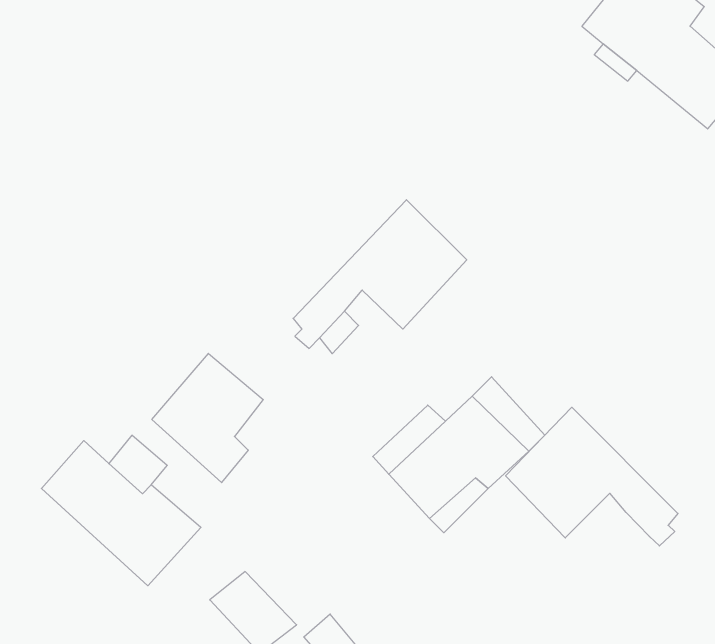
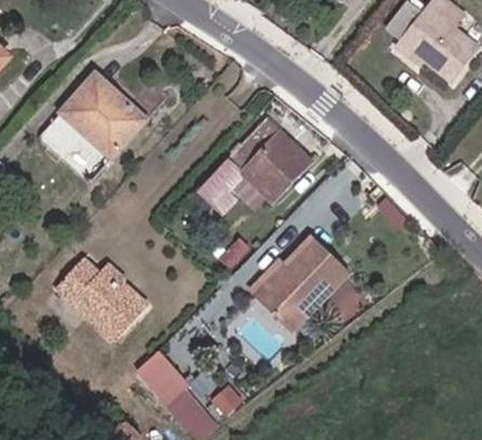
building: none -> [51,77,157,164]
building: [152,353,263,483] -> none
building: [506,407,678,546] -> none

